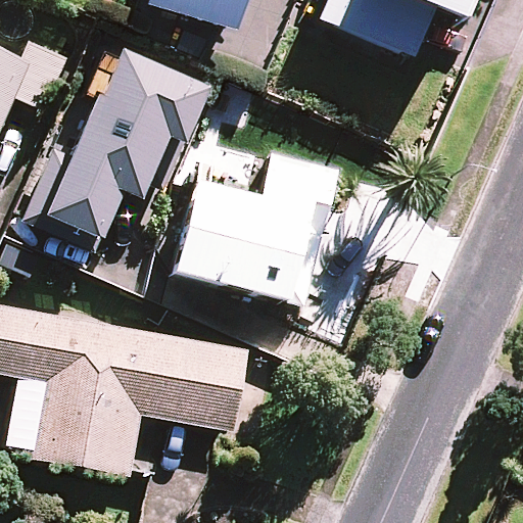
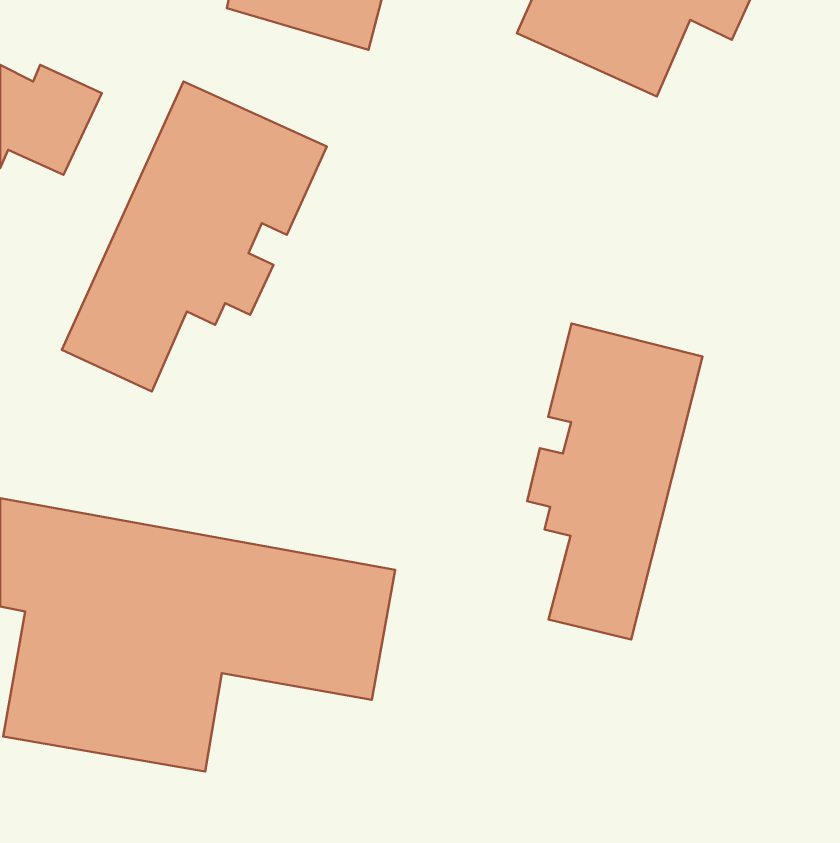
building: [176,154,338,303] -> none
building: none -> [527,324,703,639]

